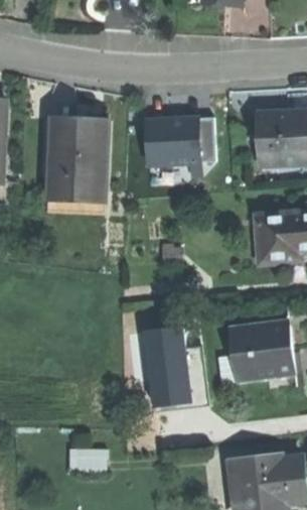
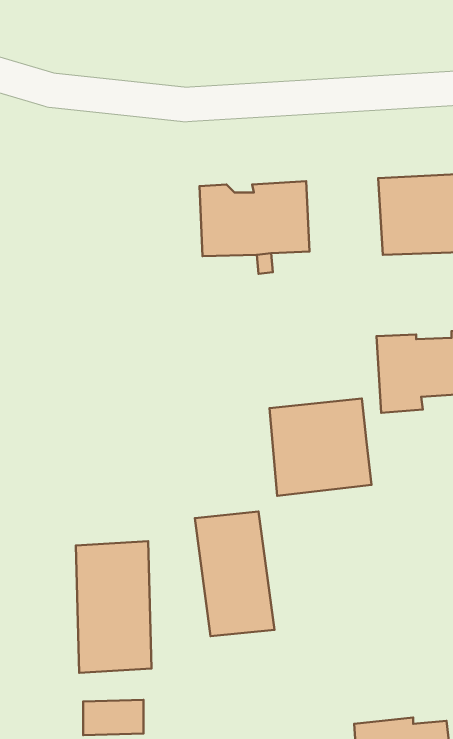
building: [46,121,107,202] -> none
building: [228,320,293,381] -> [269,399,371,496]
building: none -> [76,541,152,673]

